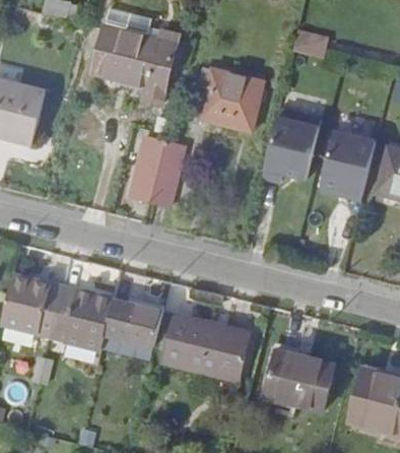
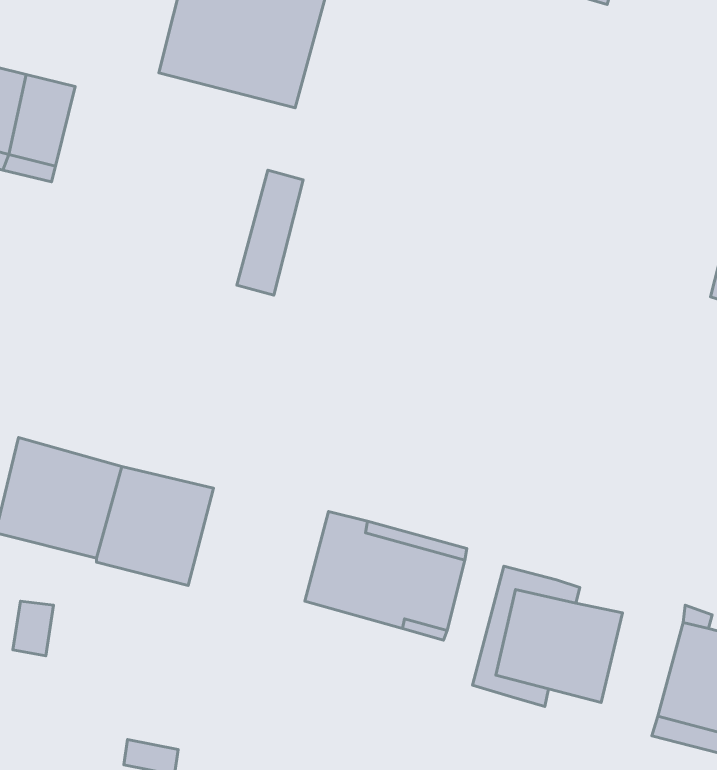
building: [193,66,266,132] -> none
building: [261,108,322,183] -> none
building: [319,131,377,201] -> none
building: [151,140,187,204] -> none
building: [111,295,170,348] -> none

